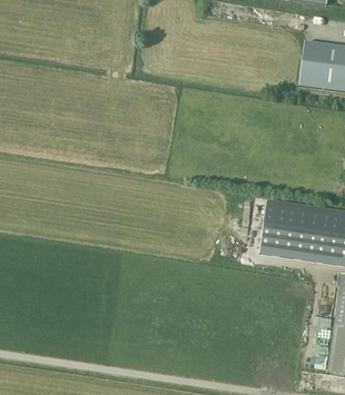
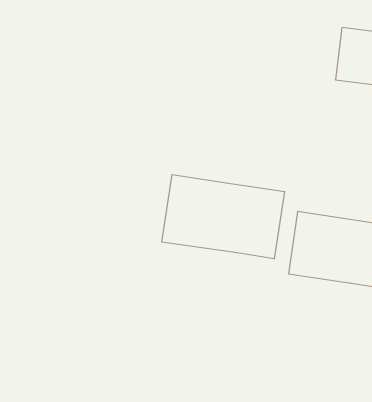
building: none -> [162,175,285,259]

